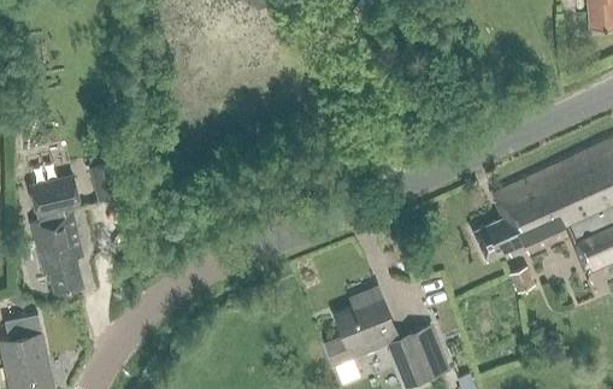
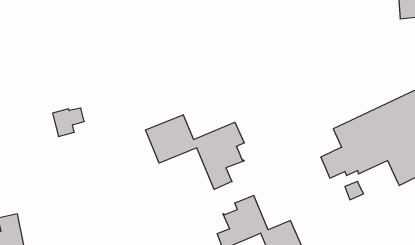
building: none -> [145,115,244,189]
building: [30,176,83,295] -> none

